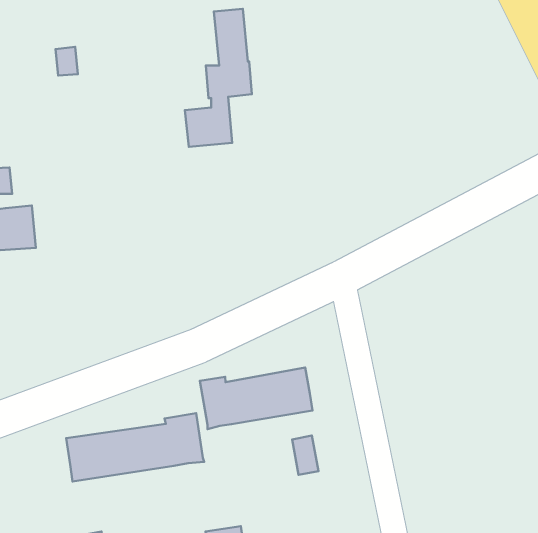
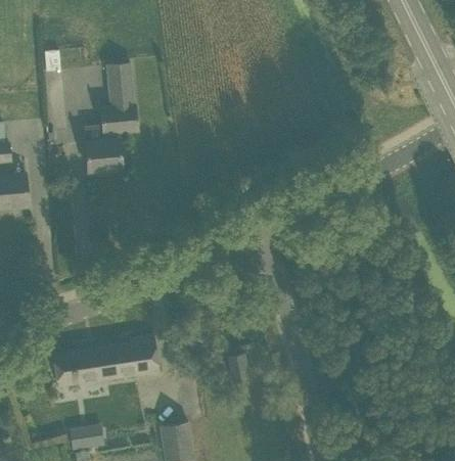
building: [185,9,252,147] -> [85,62,137,170]
building: [200,367,313,429] -> none

